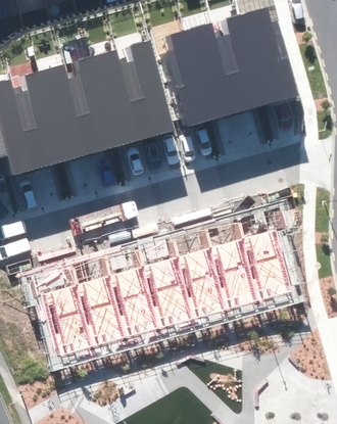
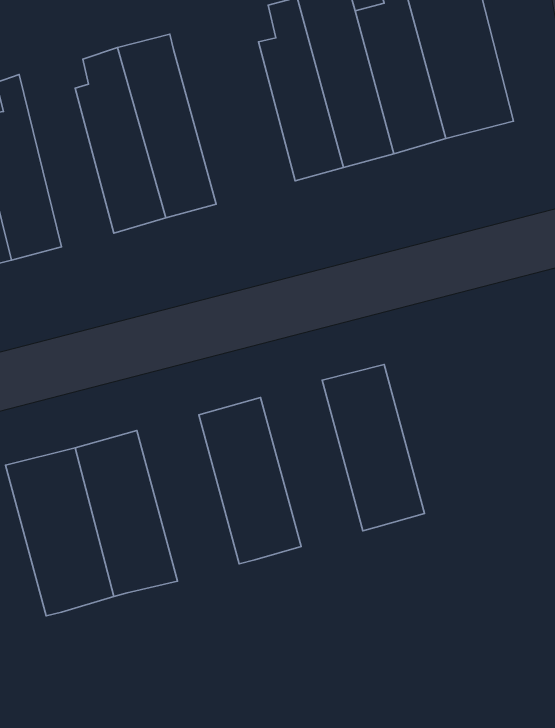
building: [117,42,174,140] -> none
building: [36,65,86,162] -> none
building: [229,216,283,303] -> none
building: [163,233,218,321] -> none
building: [98,251,152,339] -> none

